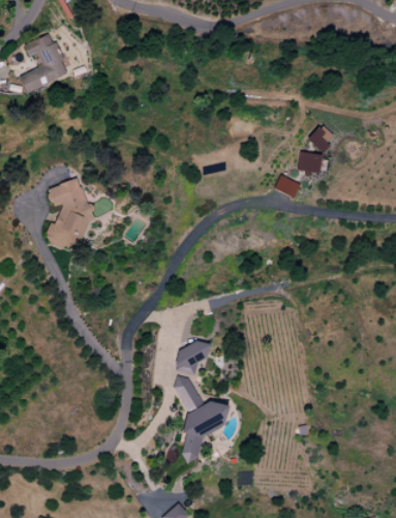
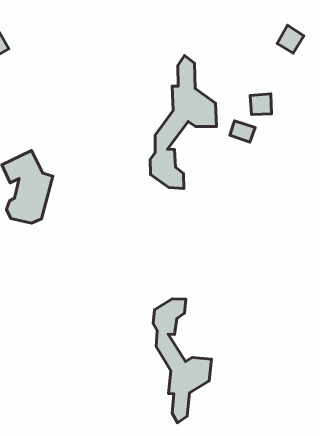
building: none -> [150,55,216,188]
building: [308,123,335,151] -> [277,25,304,53]

